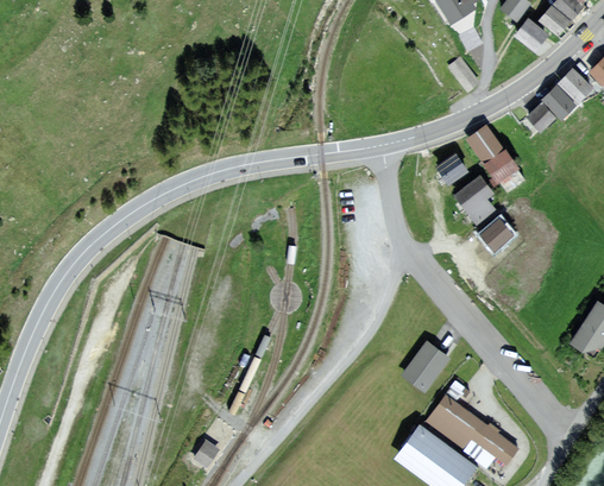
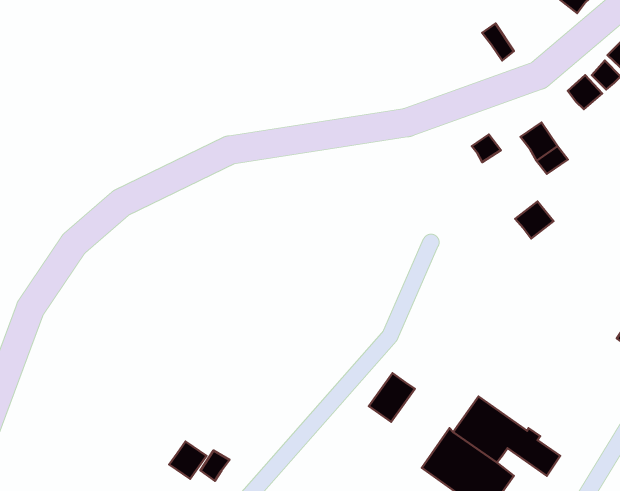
building: [467,125,502,159] -> none
building: [457,178,492,221] -> none
building: [405,343,447,387] -> [369,373,415,422]
building: none -> [169,442,206,479]

